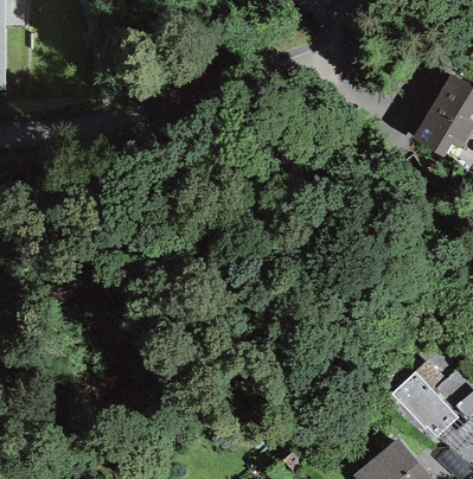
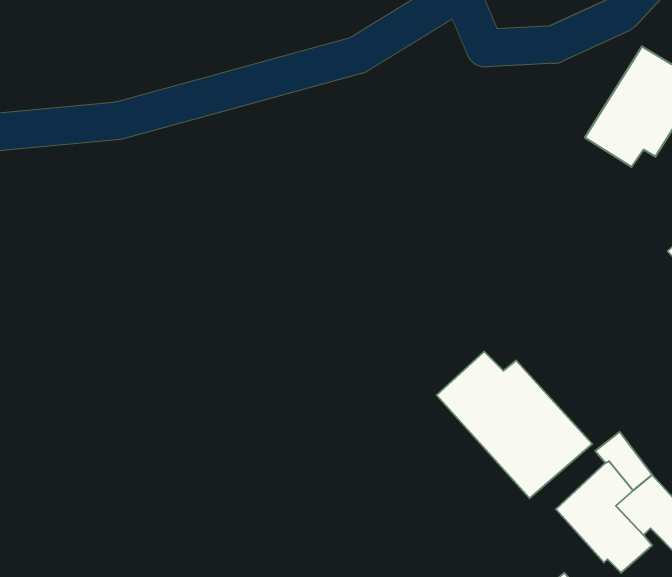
building: none -> [437,352,592,498]

